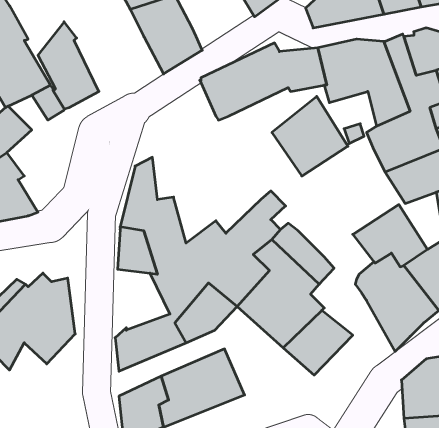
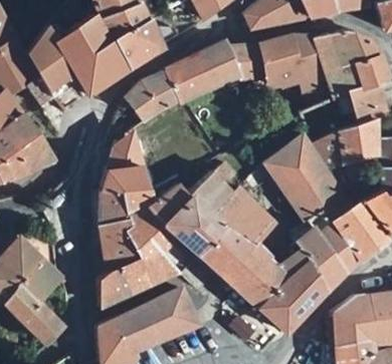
building: none -> [63,11,136,94]
building: none -> [125,71,178,121]
building: [272,96,348,176] -> [264,131,326,196]
building: none -> [9,111,64,177]
building: none -> [99,224,141,273]
building: none -> [257,277,313,332]
building: none -> [11,283,64,341]

